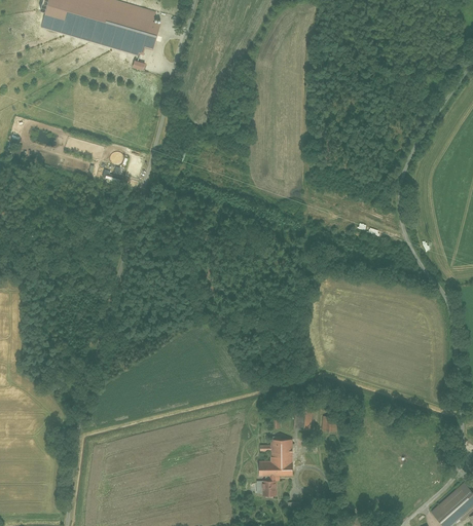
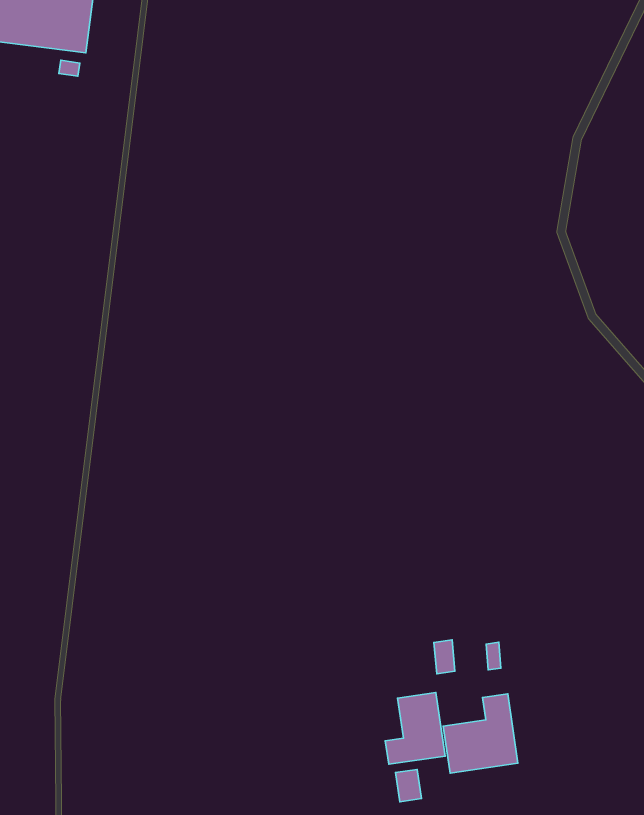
building: none -> [443,694,518,773]

